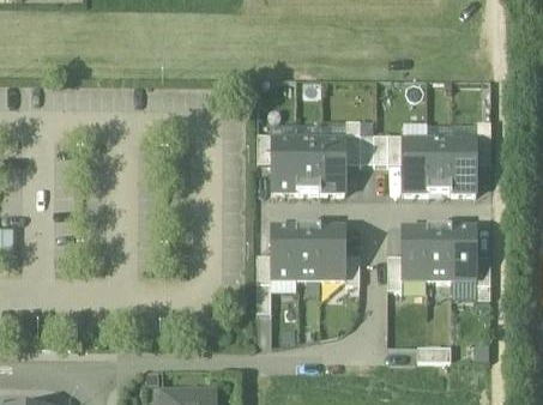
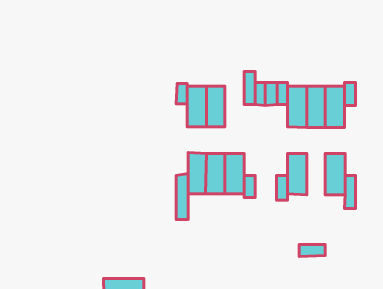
building: [320,137,345,189] -> none
building: [427,224,451,278] -> none

